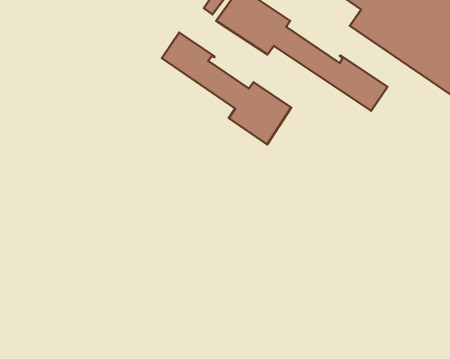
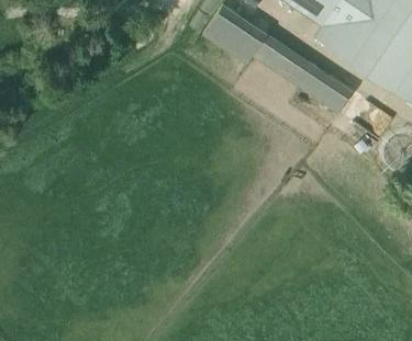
building: [162,33,291,145] -> none

